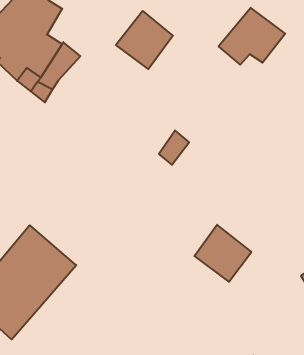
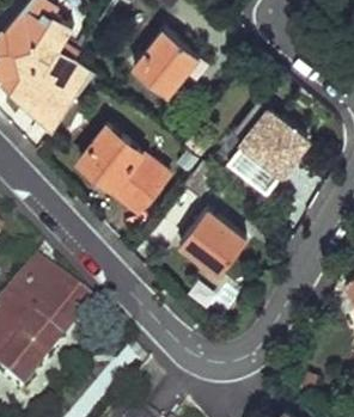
building: [219,8,285,65] -> [231,109,305,172]
building: none -> [75,124,165,210]
building: [194,225,251,282] -> [178,209,242,272]

